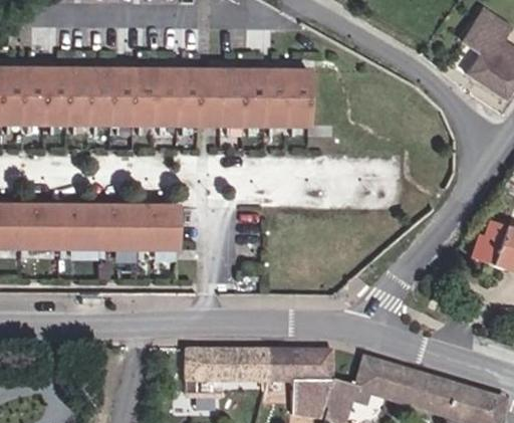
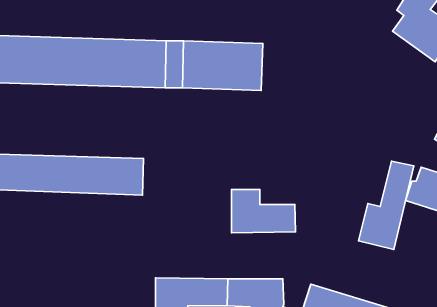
building: none -> [359,161,414,249]
building: none -> [231,190,296,233]

